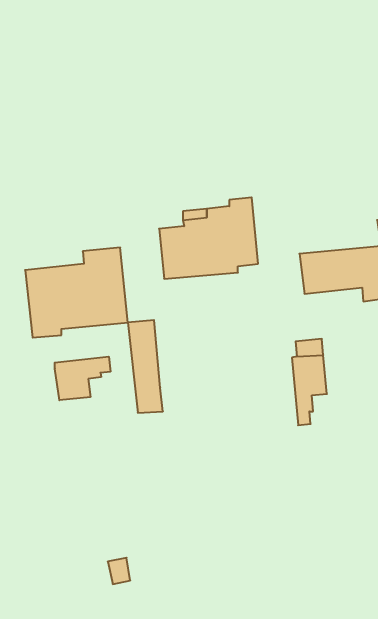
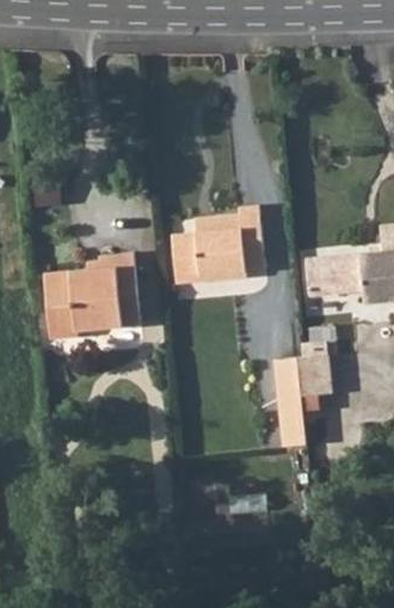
building: [128,320,163,413] -> [272,358,306,447]
building: [55,357,110,400] -> none

